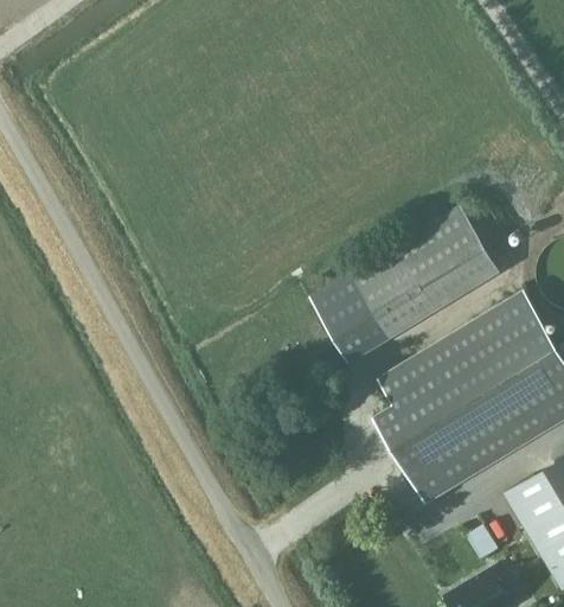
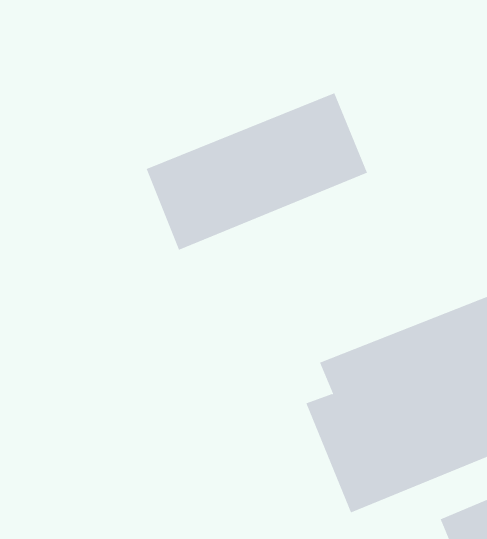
building: [309,209,499,365] -> [146,92,368,251]

